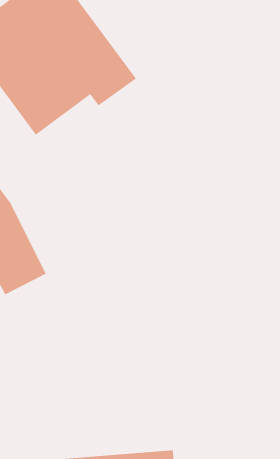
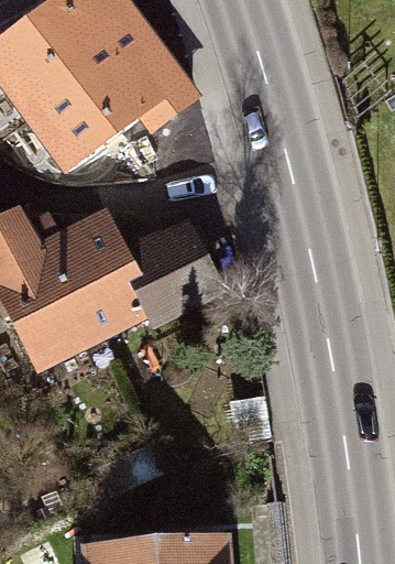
building: none -> [42,215,216,333]

